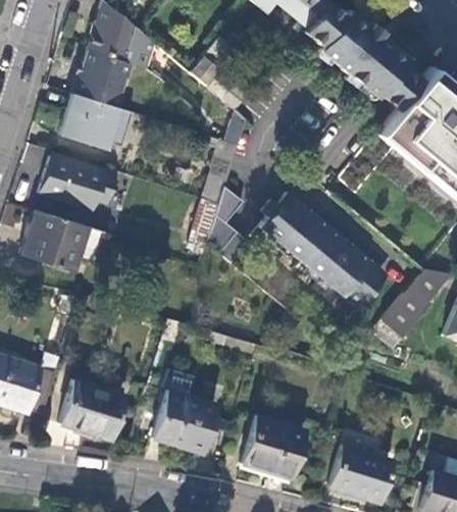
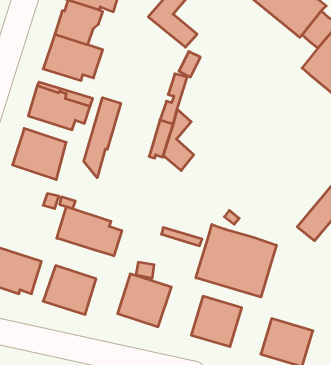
building: none -> [84,98,121,178]
building: [259,191,382,308] -> none
building: none -> [57,207,122,256]
building: none -> [196,224,276,297]

